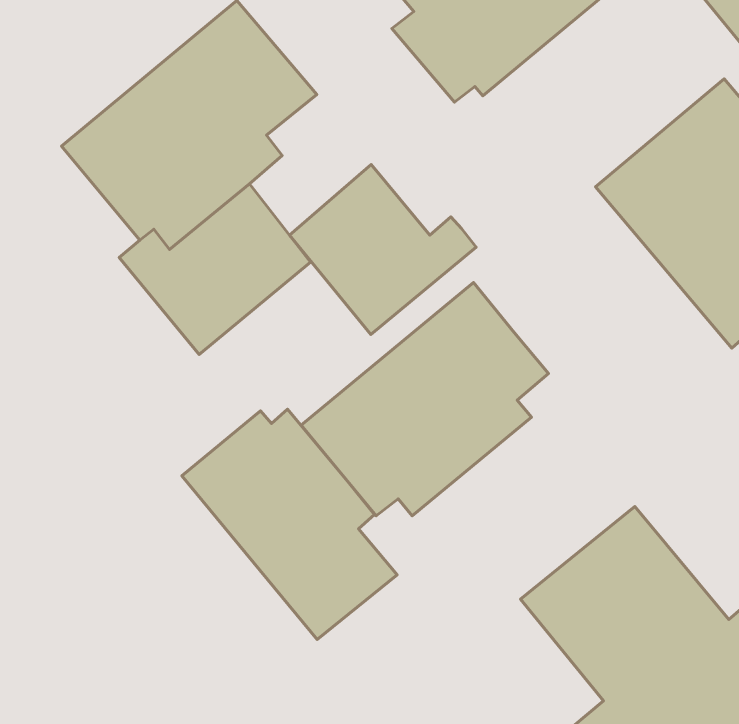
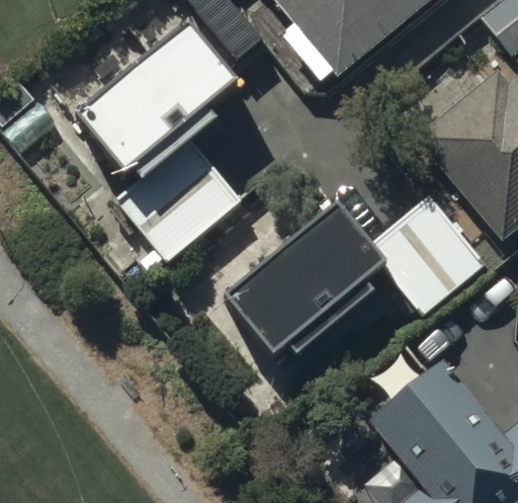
building: [290,164,476,335] -> none
building: none -> [366,186,485,306]
building: [182,409,397,639] -> none

